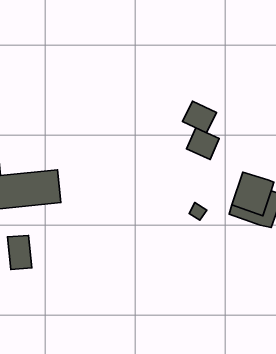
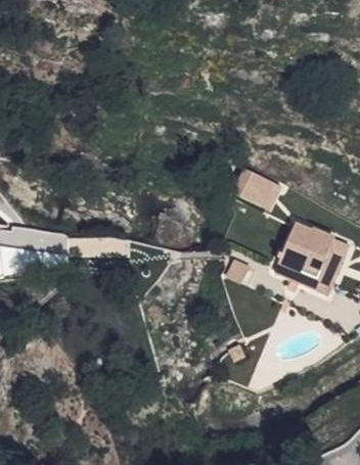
building: [183,101,217,133] -> none
building: [7,235,32,269] -> none

